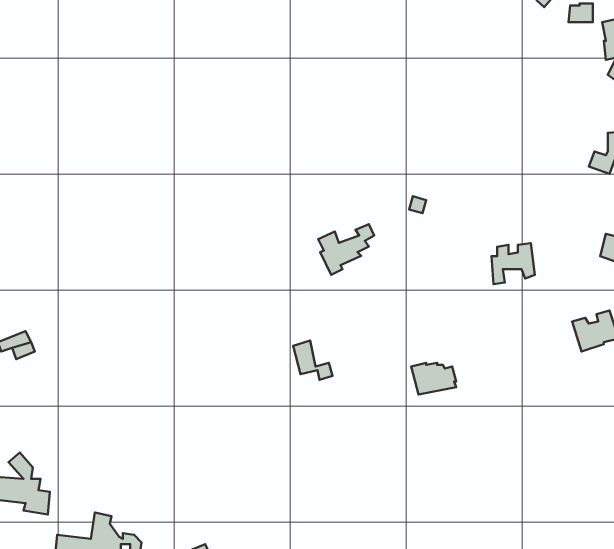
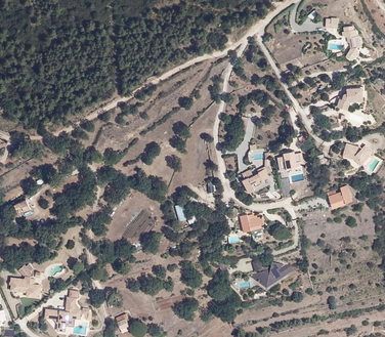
building: [318,224,374,275] -> [241,165,271,193]
building: none -> [251,258,292,284]

